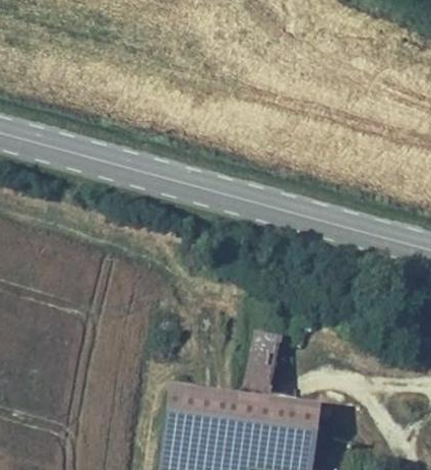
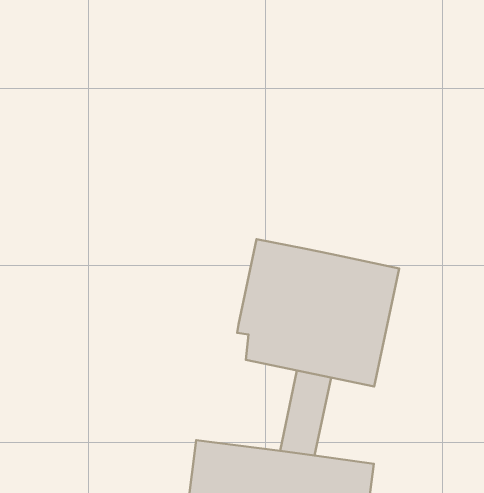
building: none -> [237,239,399,386]

